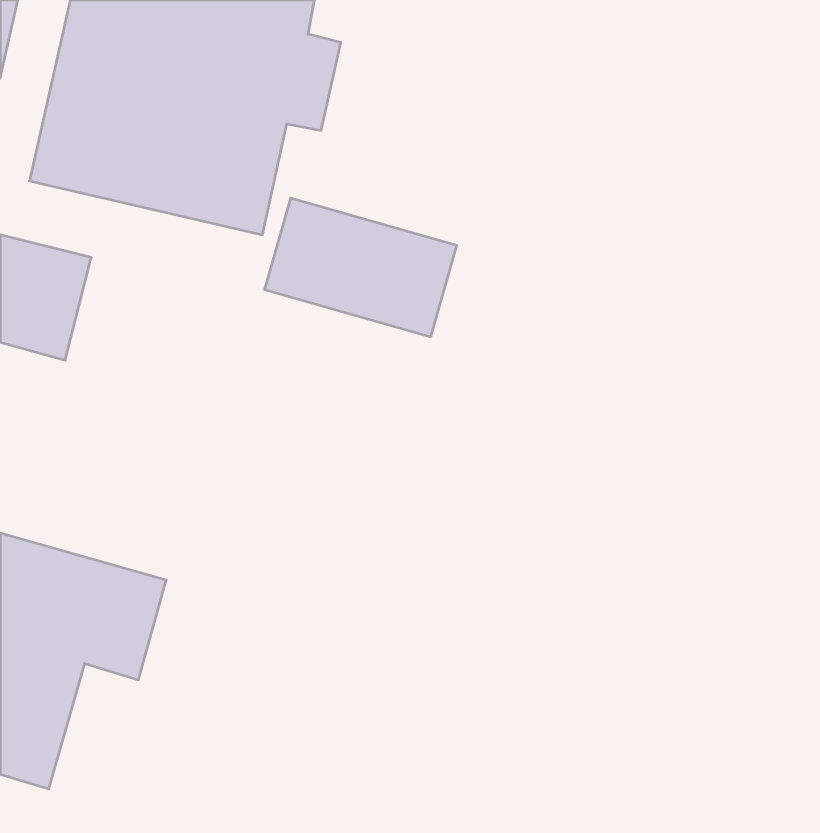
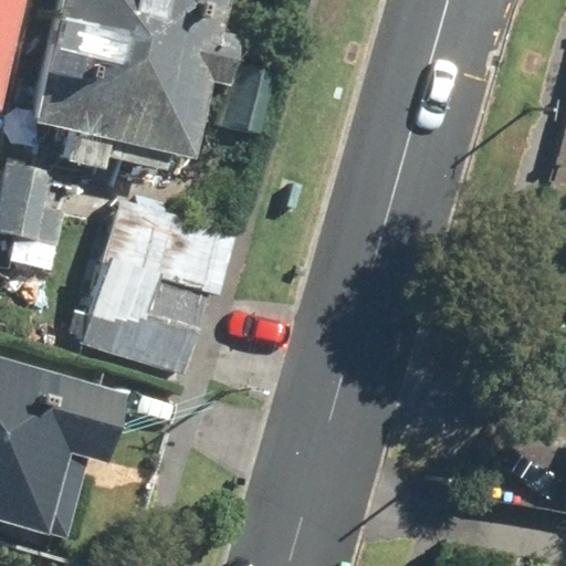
building: [264,198,457,337] -> [101,199,231,293]
building: none -> [71,268,199,374]

